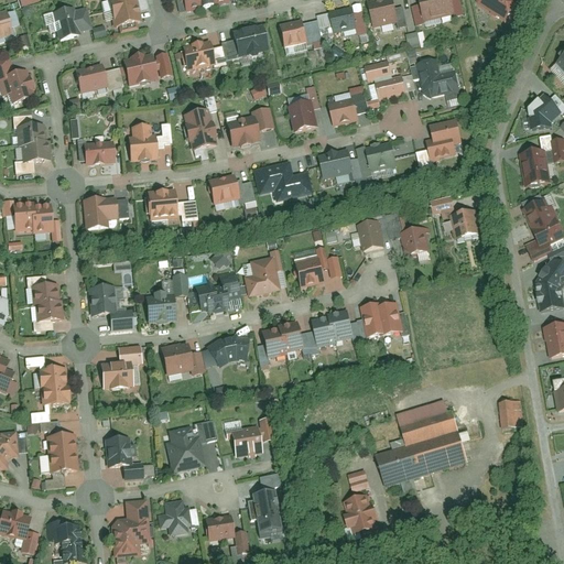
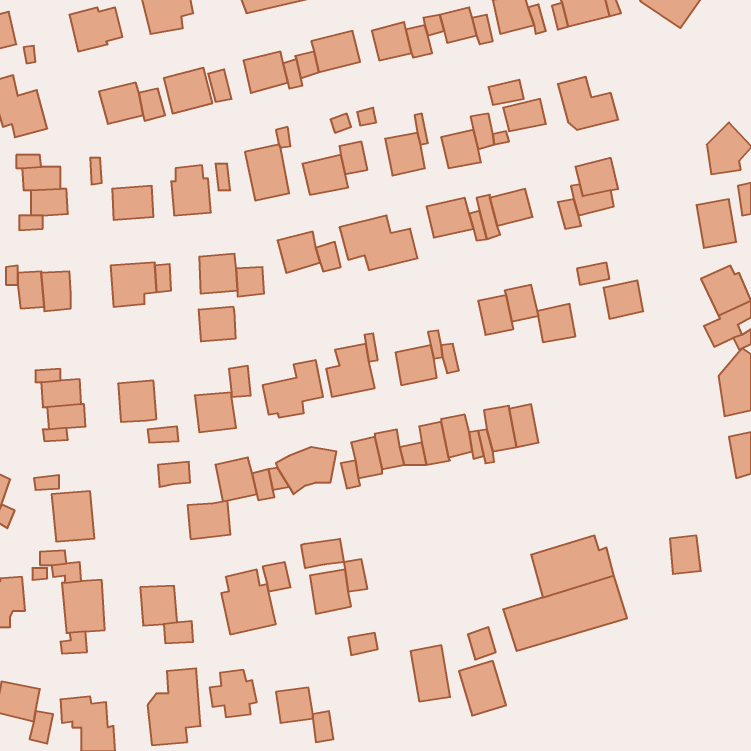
building: none -> [199,307,235,342]
building: [100,361,132,390] -> [188,501,230,539]
building: none -> [301,539,344,568]
building: [252,490,282,532] -> [410,645,450,701]

